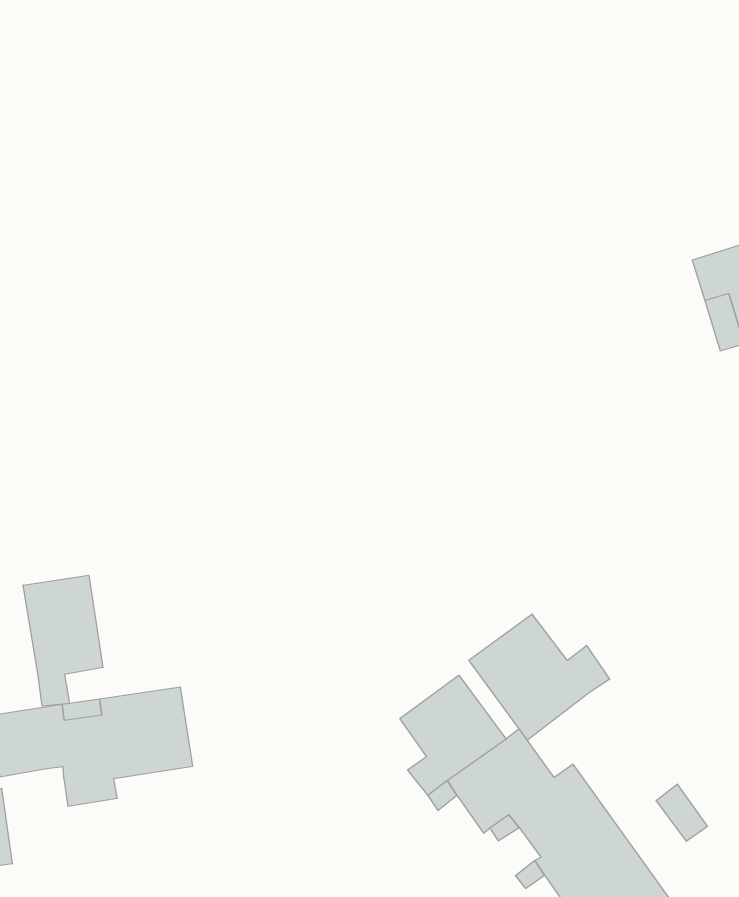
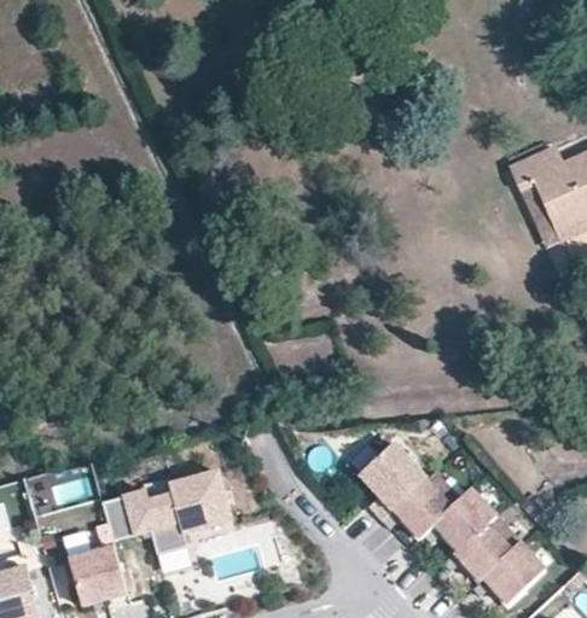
building: [23,575,103,706] -> none
building: [469,614,610,740] -> none

